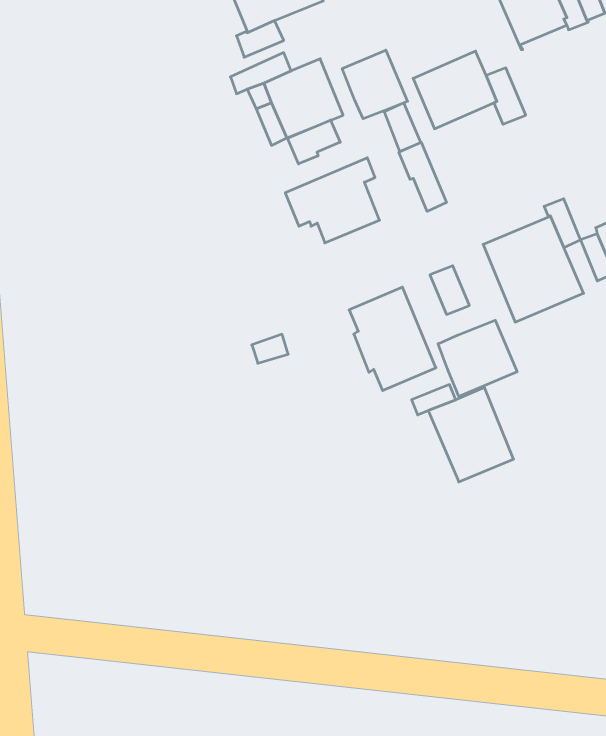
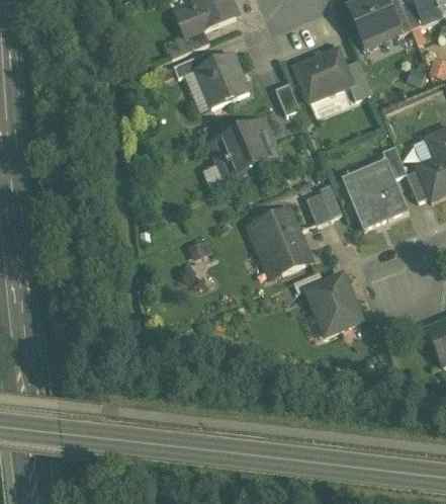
building: [342,50,408,119] -> none
building: [287,120,340,164] -> none
building: [399,142,446,211] -> none
building: [438,320,517,396] -> none

